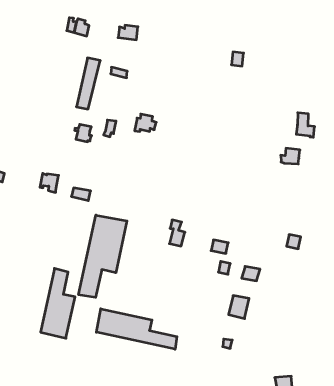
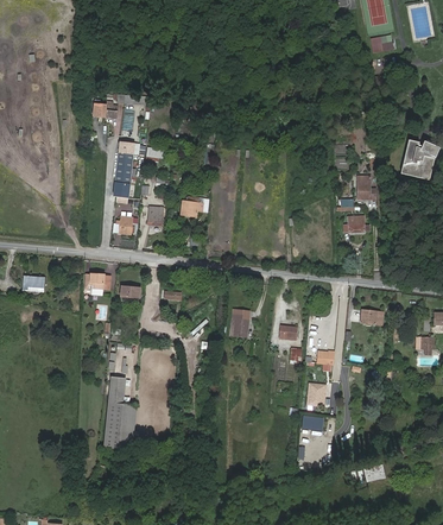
building: [79,215,127,297] -> none
building: [96,309,177,349] -> none

